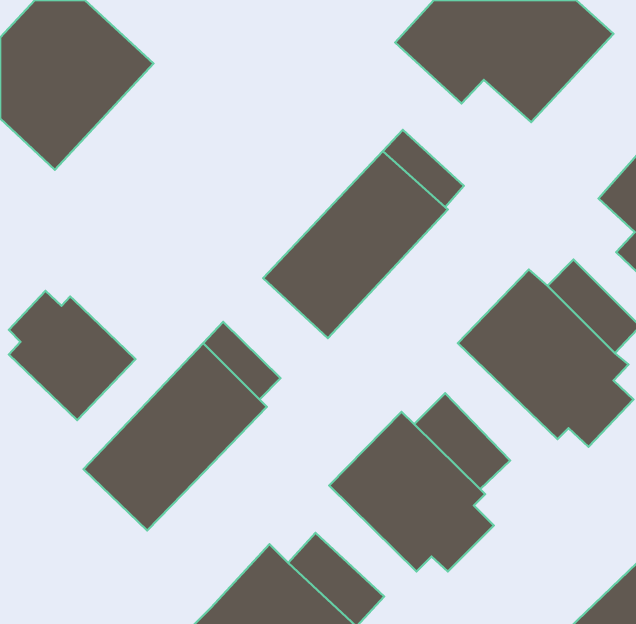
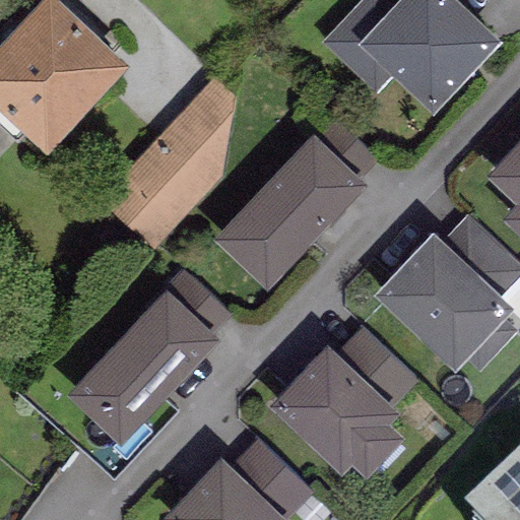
building: none -> [98,84,236,252]
building: [9,291,136,420] -> none

